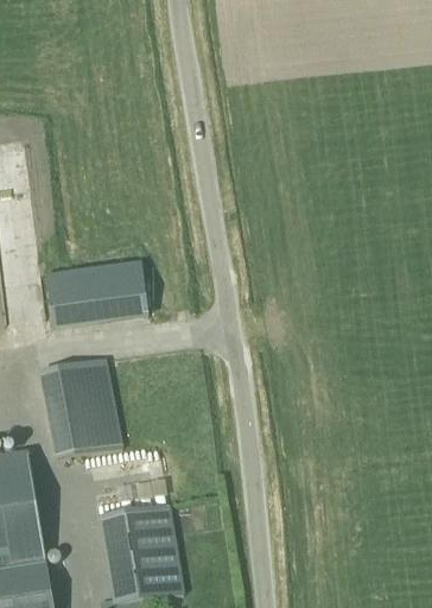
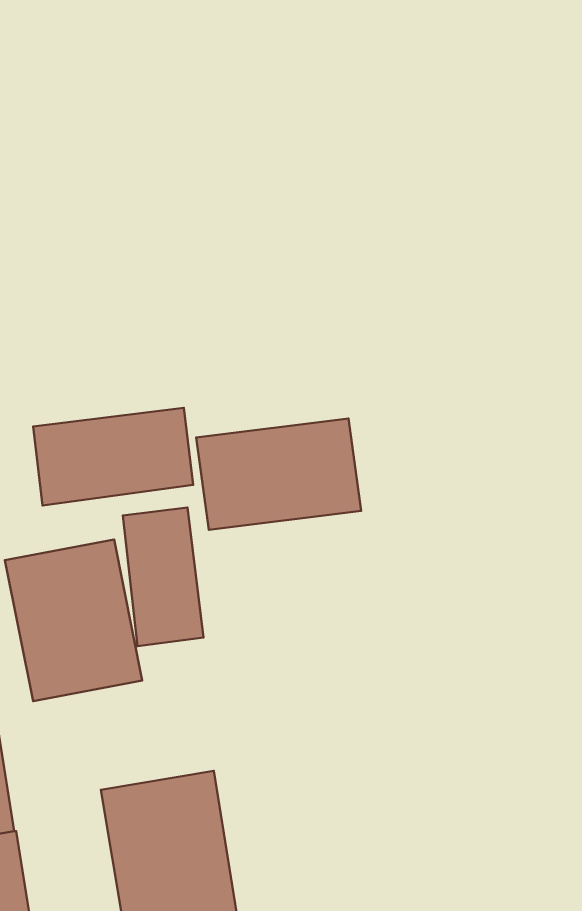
building: none -> [196,419,361,530]
building: none -> [123,507,204,646]

